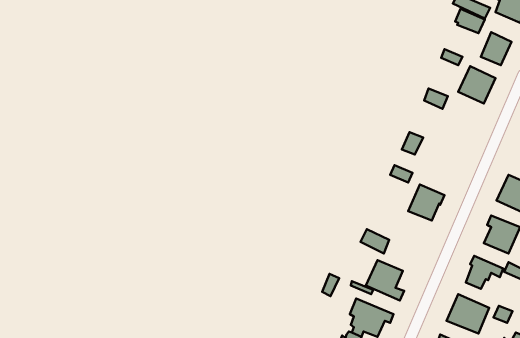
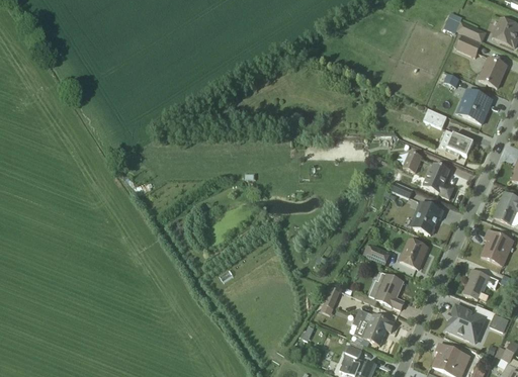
building: none -> [439,129,474,157]
building: none -> [424,163,451,193]
building: none -> [399,238,430,270]

